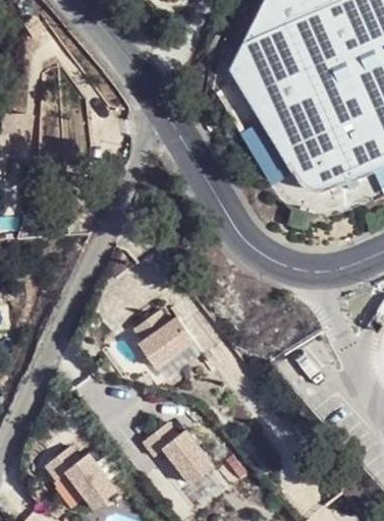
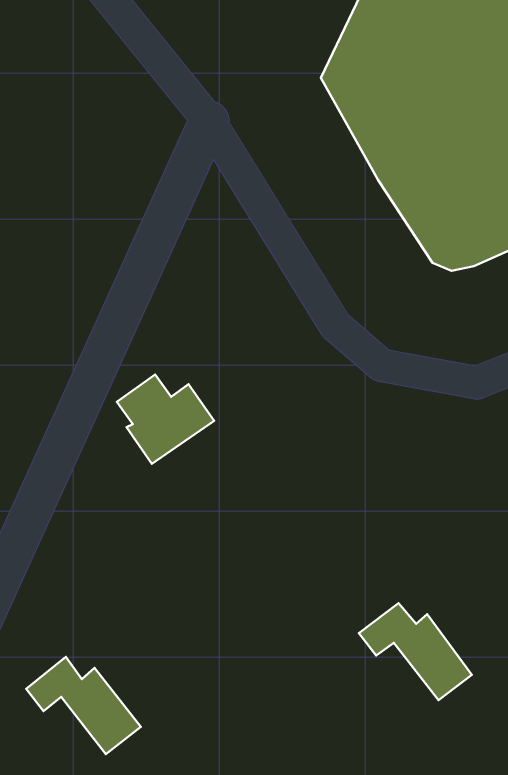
building: [131,306,194,363] -> [117,375,214,464]
building: [142,418,214,480] -> [359,603,472,700]

